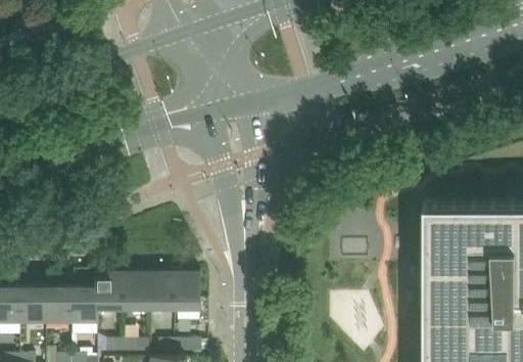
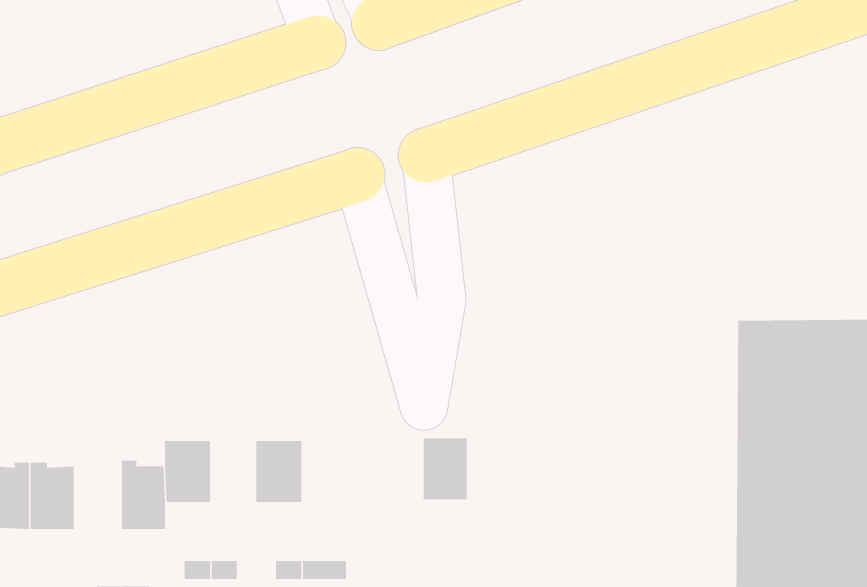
building: [123,273,148,309] -> none
building: [175,273,200,309] -> [423,437,468,500]
building: [45,284,72,324] -> none

